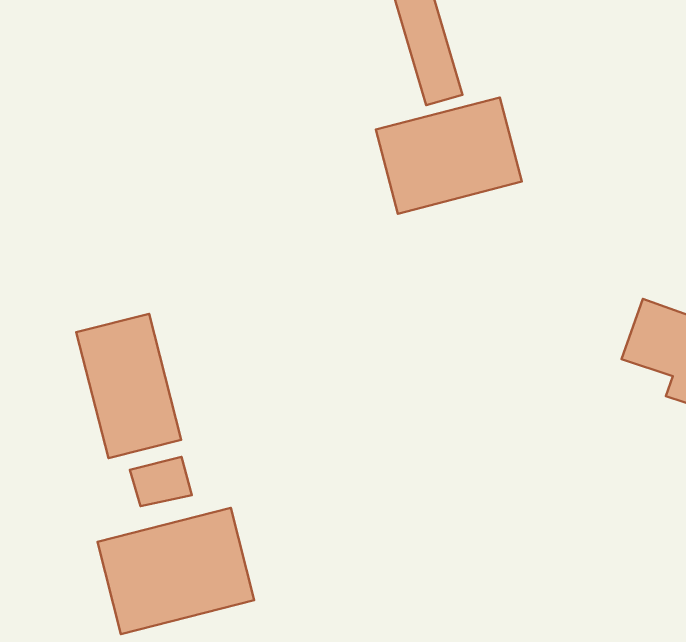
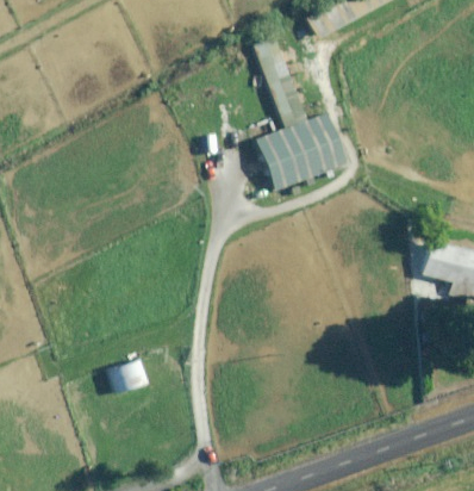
building: [76,314,181,458] -> none
building: [97,508,254,634] -> none

